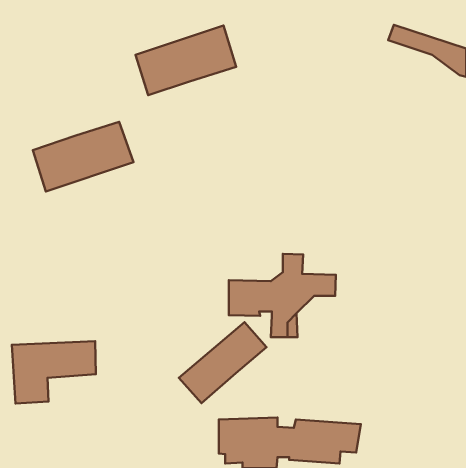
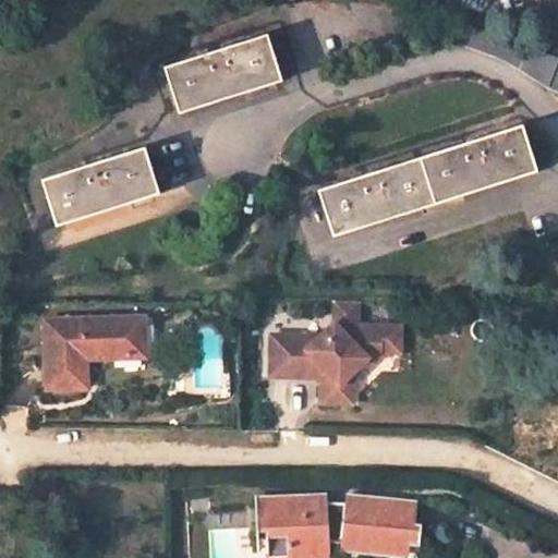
building: none -> [316,121,535,236]
building: [179,322,266,403] -> none
building: [12,341,96,403] -> [48,319,148,393]

